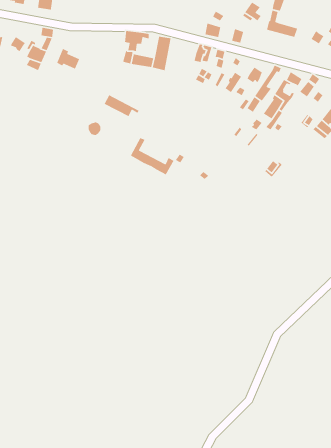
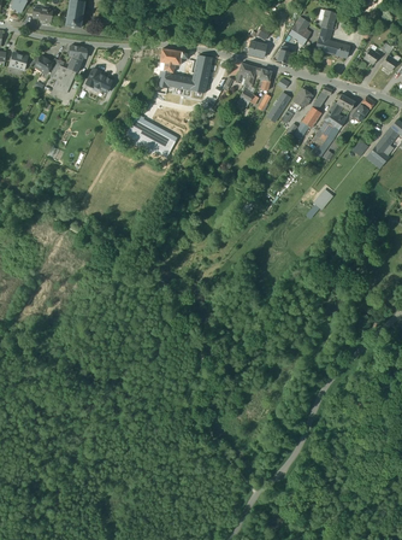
building: [130,137,175,176] -> [125,116,175,158]

